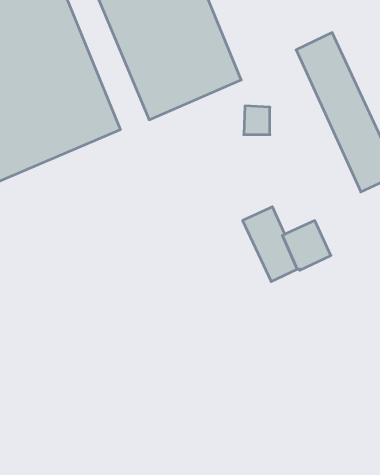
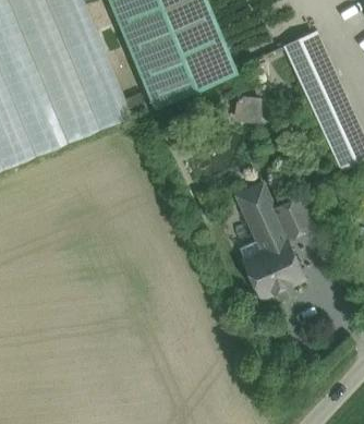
building: none -> [241,238,305,299]

